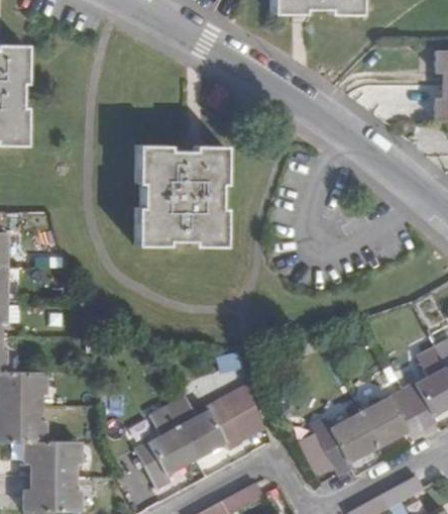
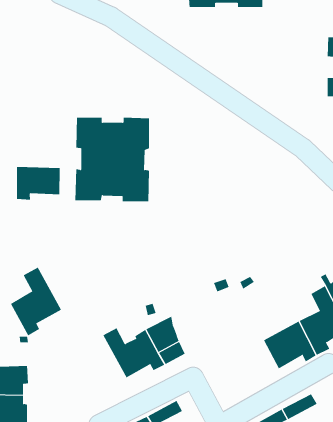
building: none -> [16,166,60,200]
building: [135,406,197,489] -> [10,267,62,336]
building: [302,412,378,481] -> none

